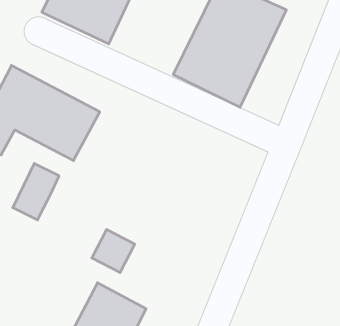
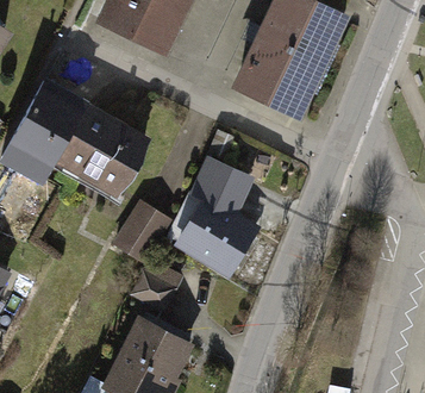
building: none -> [181,156,257,269]
building: [13,163,59,220] -> [115,195,164,255]

